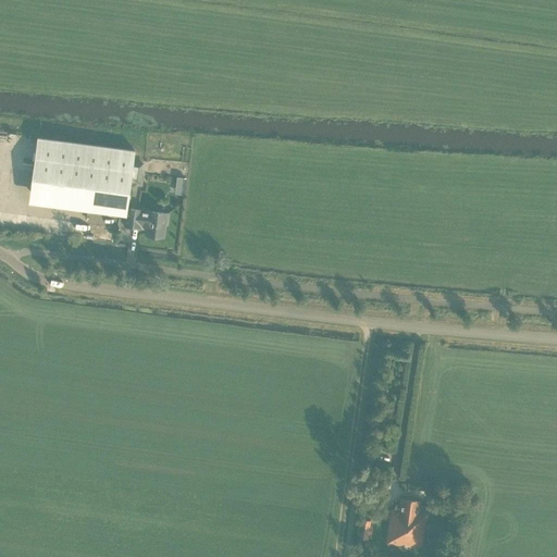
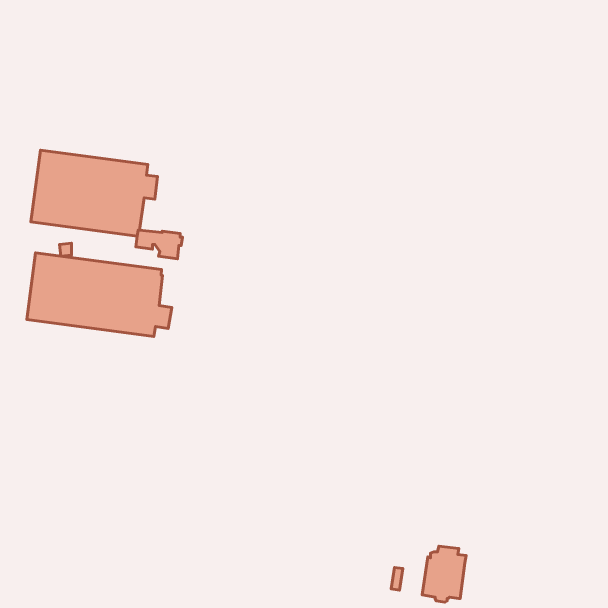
building: none -> [27,253,172,336]

